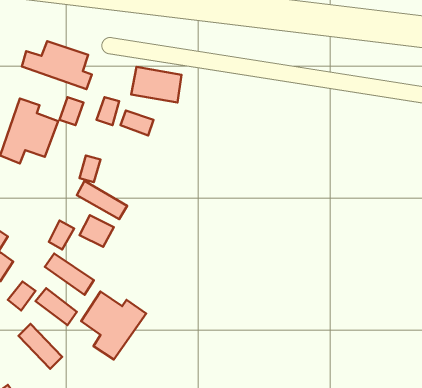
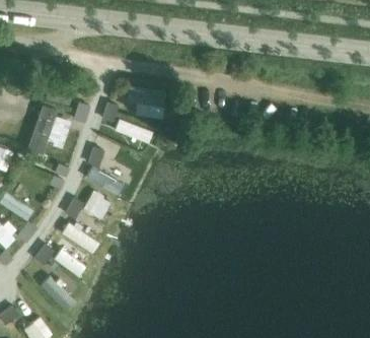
building: [22,41,92,89] -> none
building: [81,292,146,359] -> none

